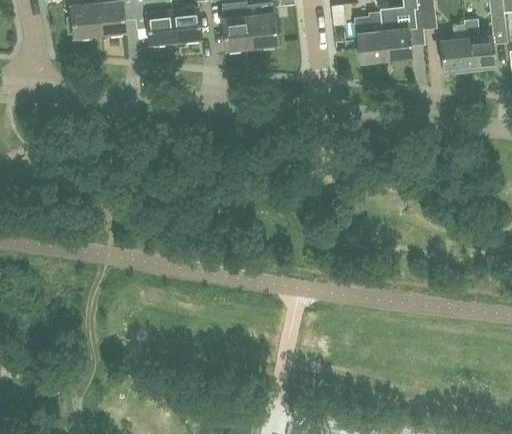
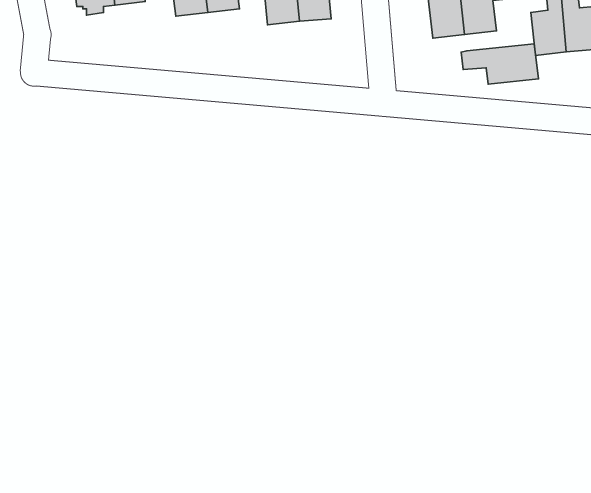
building: none -> [461,44,538,84]

